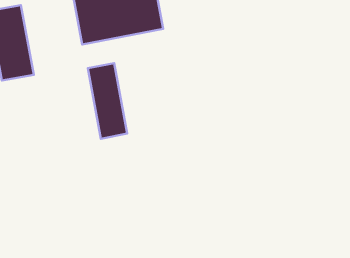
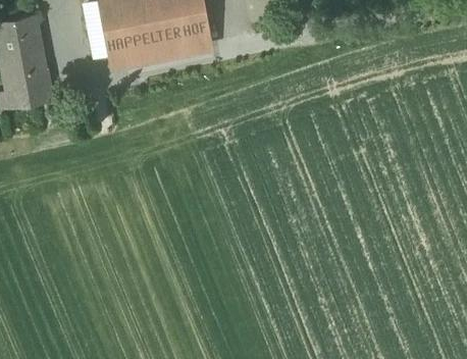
building: [88,63,127,139] -> none

